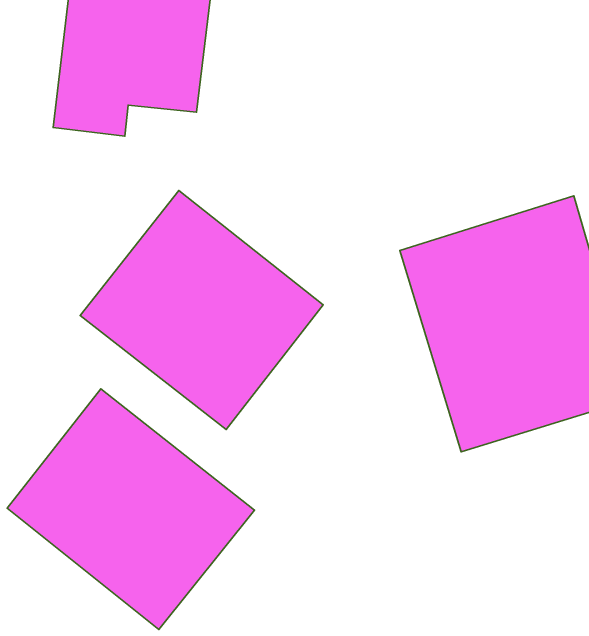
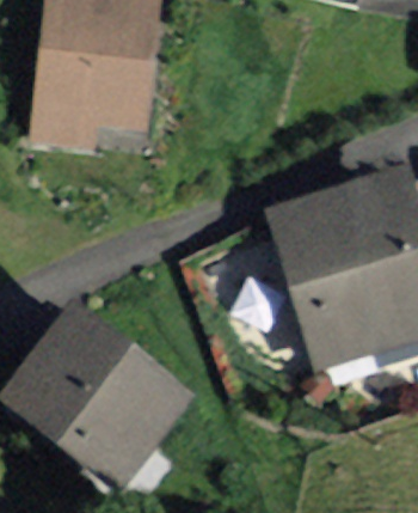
building: [80,191,323,430] -> none

